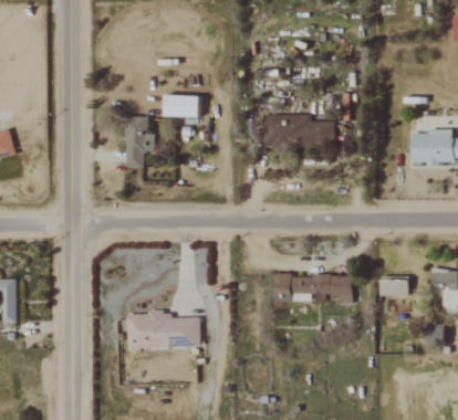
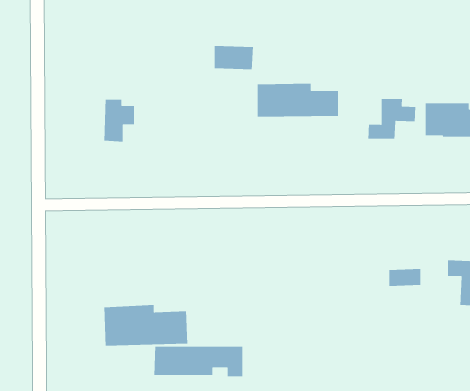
building: [164,95,199,117] -> [214,45,254,70]
building: none -> [368,98,416,139]
building: [272,275,352,303] -> [153,346,243,377]

